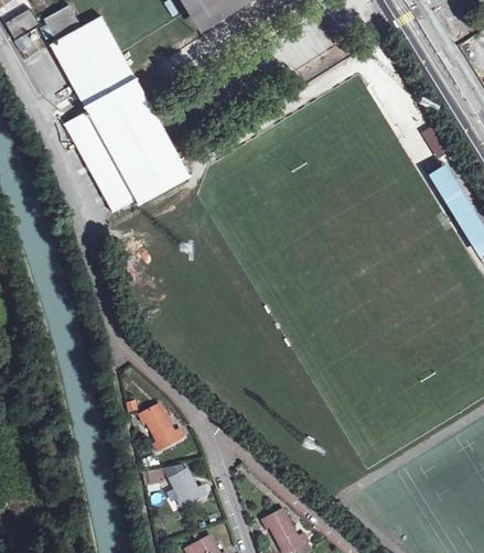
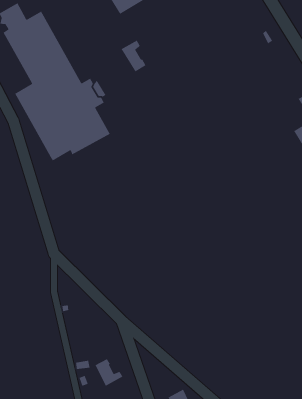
building: none -> [121,40,146,72]
building: [139,402,184,447] -> none

